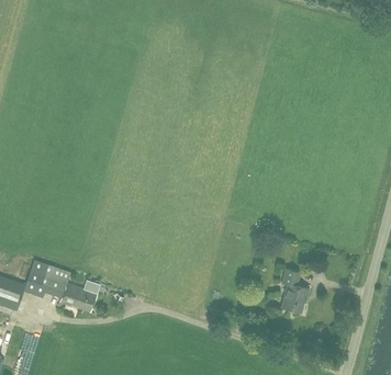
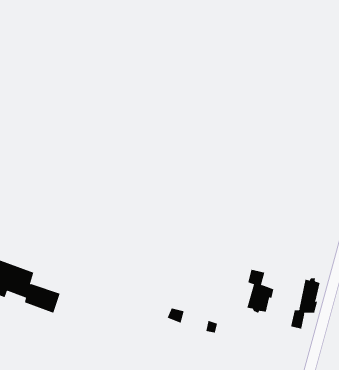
building: none -> [291,278,320,330]

